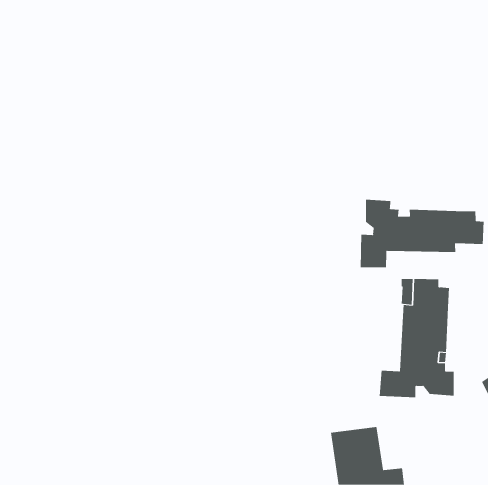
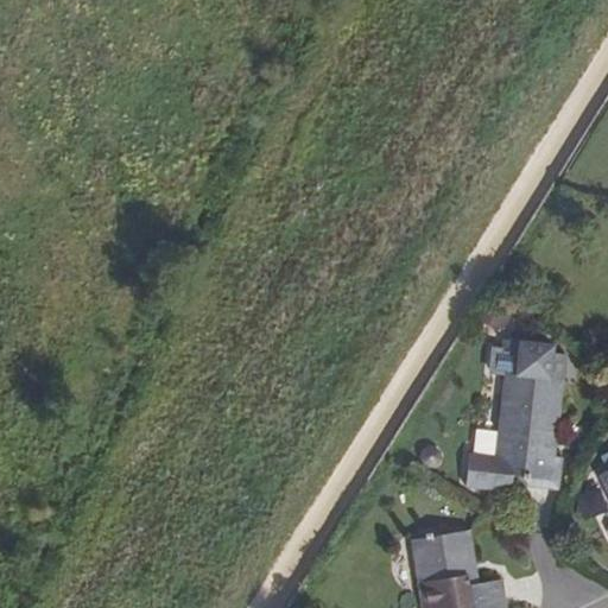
building: [360,199,484,268] -> none

